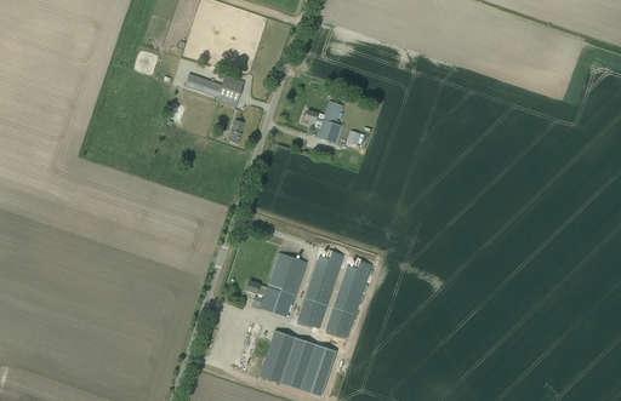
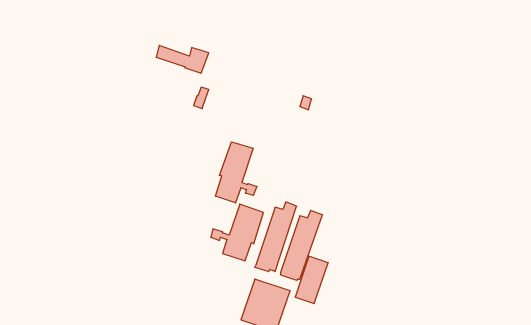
building: [304,99,344,143] -> none
building: none -> [215,142,257,203]
building: [258,328,296,382] -> [295,256,328,303]

